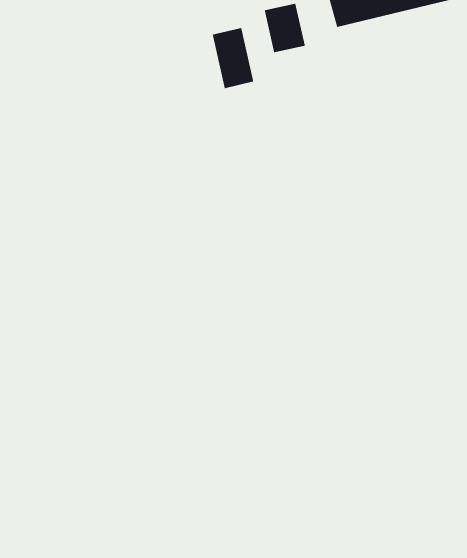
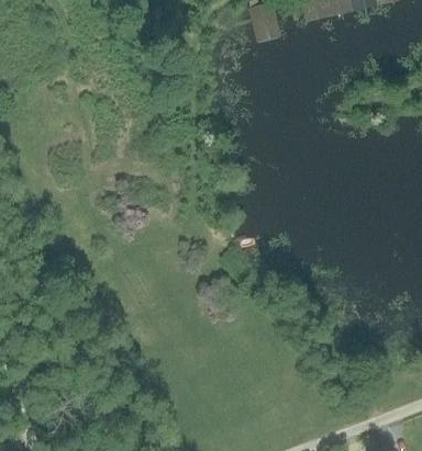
building: [212,27,254,89] -> none

